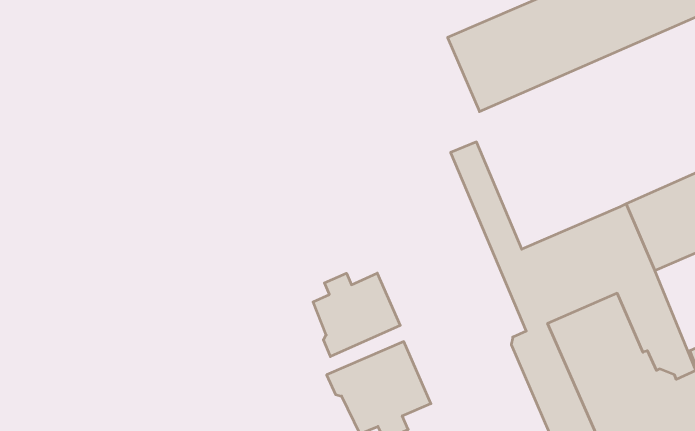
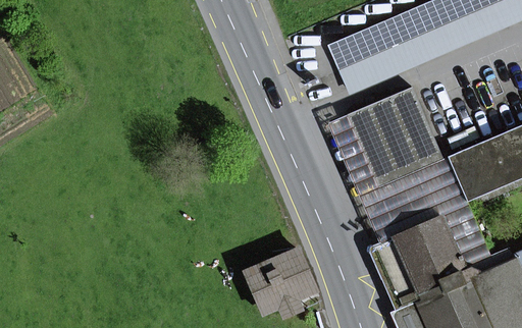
building: none -> [347,87,443,187]
building: [313,273,400,357] -> none

